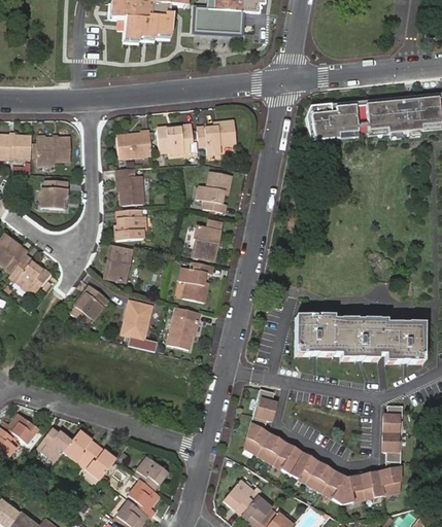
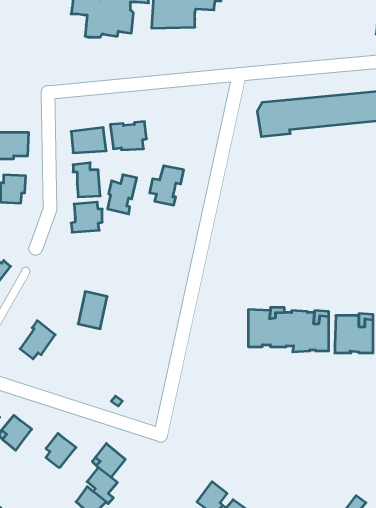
building: [196,124,236,159] -> none
building: [191,220,220,260] -> [108,175,137,214]
building: [109,245,134,282] -> none
building: [178,261,210,303] -> none
building: [73,285,109,324] -> [20,321,55,359]
building: [168,306,201,350] -> none
building: [243,388,403,503] -> none
building: [66,430,101,463] -> none
building: [225,480,256,516] -> none

